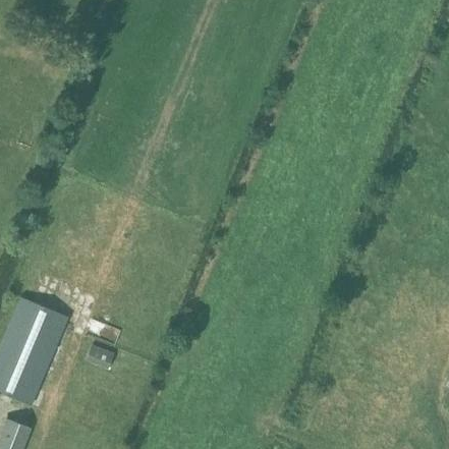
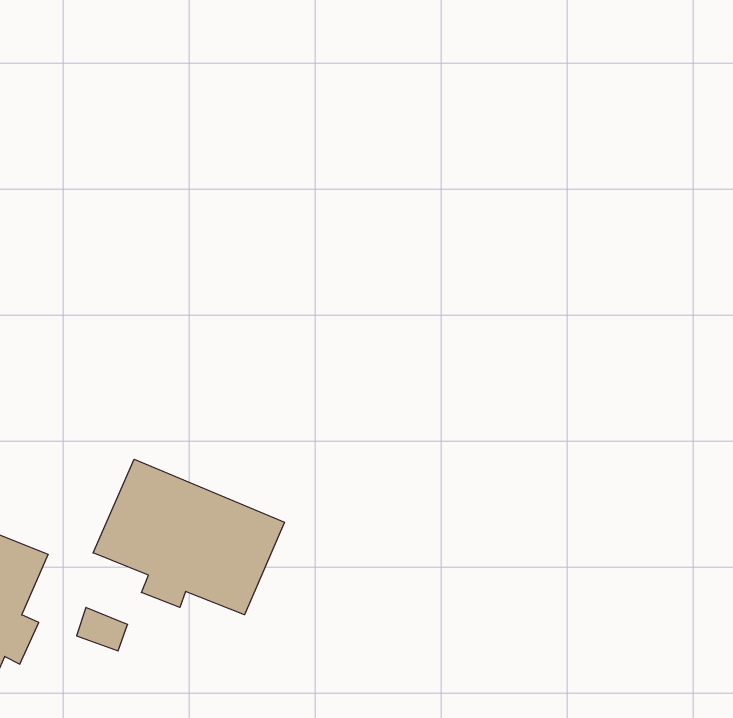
building: none -> [93,459,284,615]

